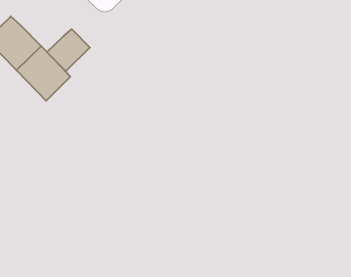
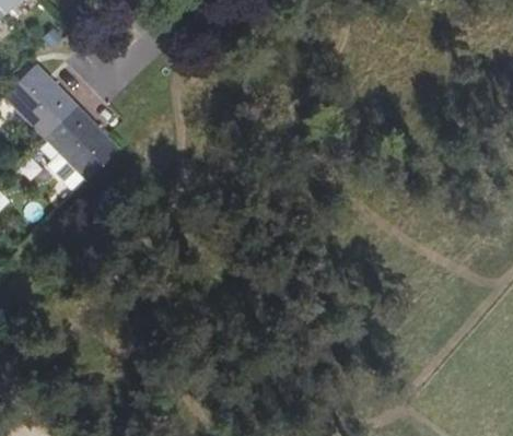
building: [47,29,90,71] -> none

